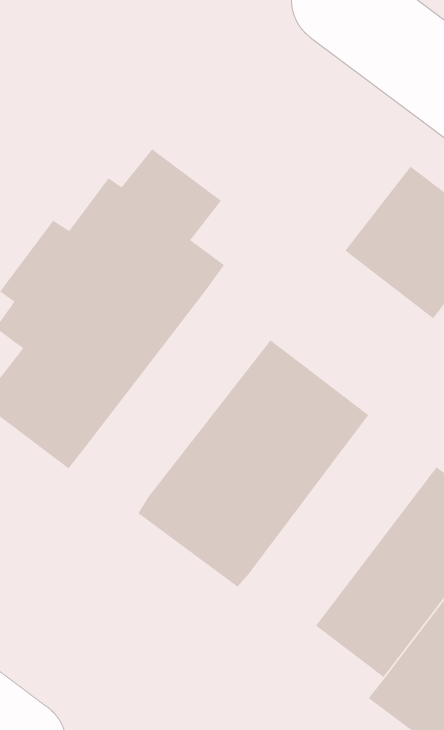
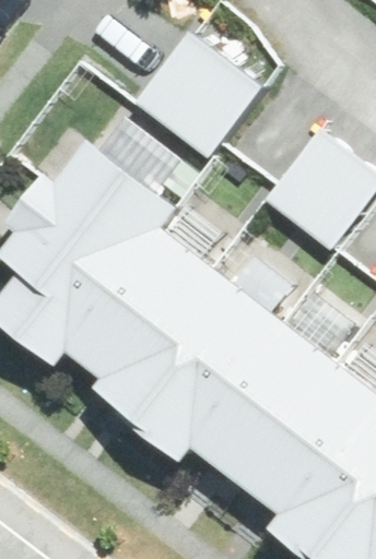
building: none -> [137,36,260,157]
building: none -> [70,229,209,383]
building: none -> [193,322,333,479]

